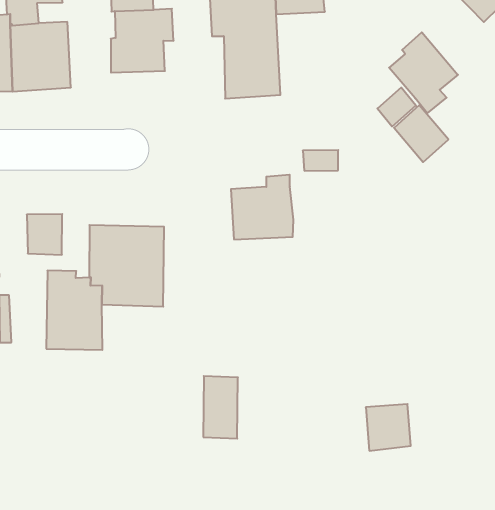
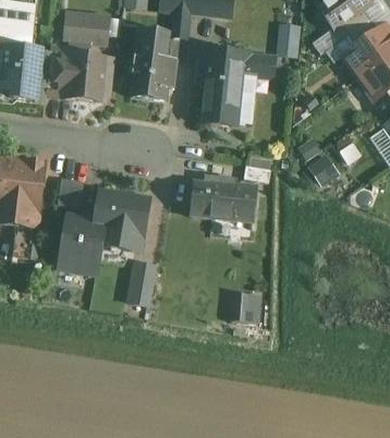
building: [389,32,458,113] -> none
building: none -> [229,186,254,228]
building: [203,376,238,439] -> [129,261,157,305]
building: [366,404,411,451] -> [230,292,259,321]

